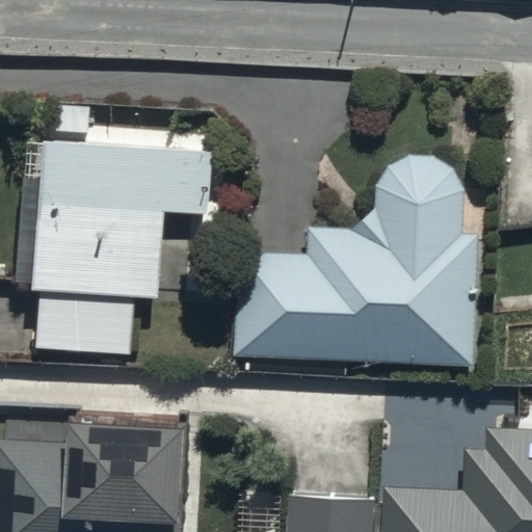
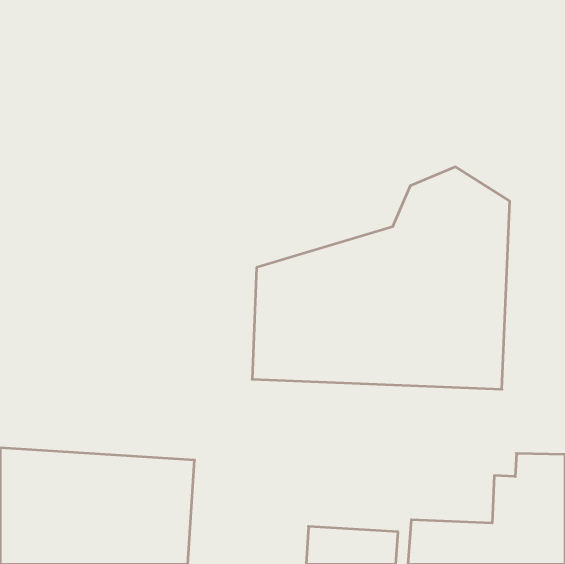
building: [35,149,208,310] -> none

